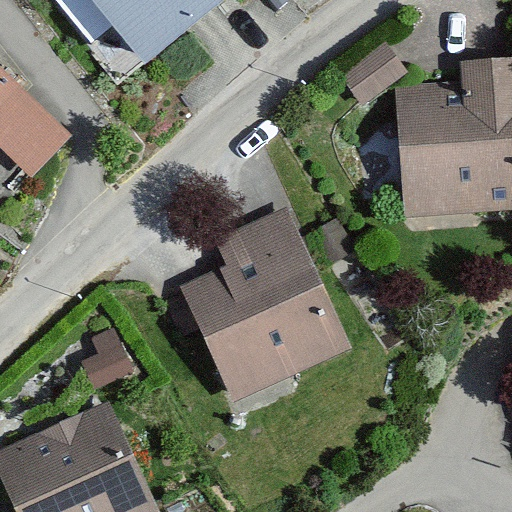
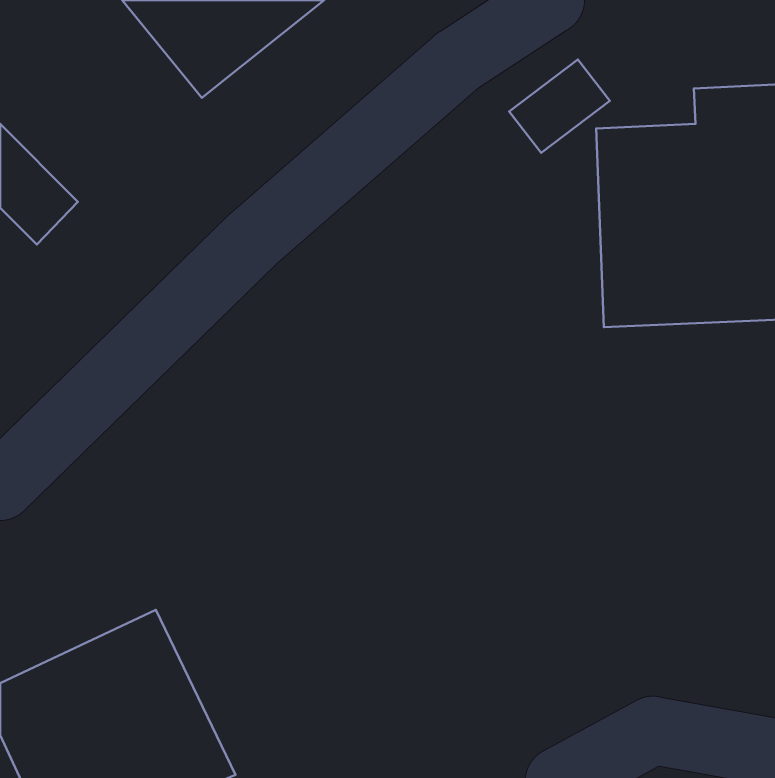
building: [180,204,352,403] -> none

